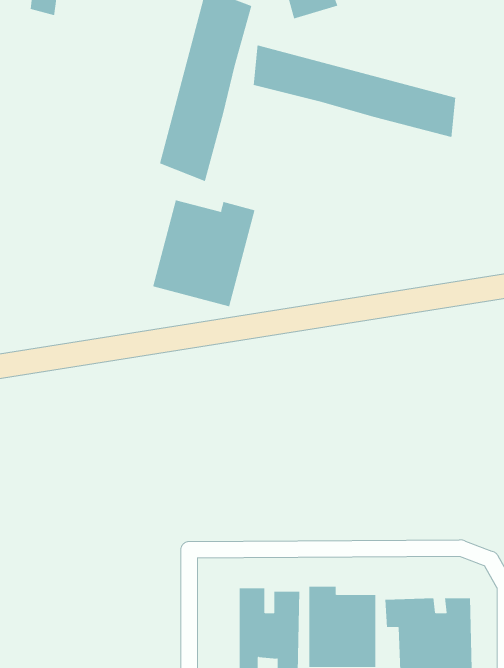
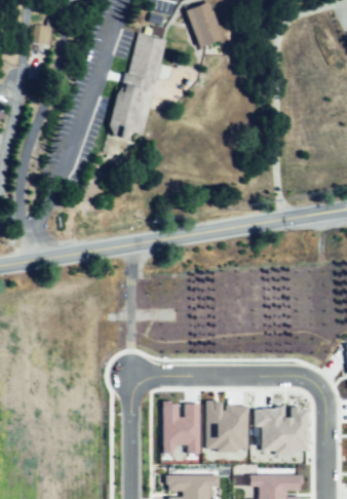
building: [253,45,456,138] -> none
building: [152,199,255,307] -> none

